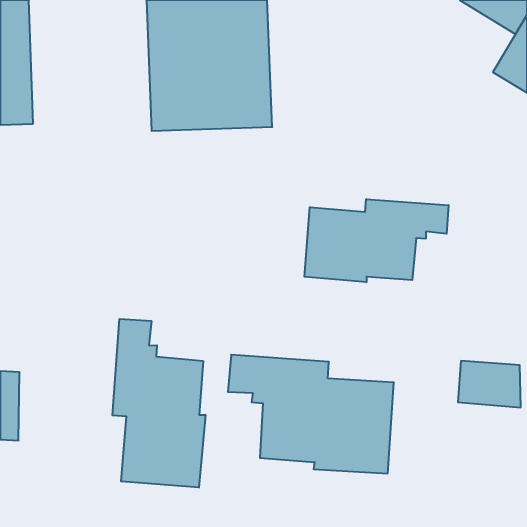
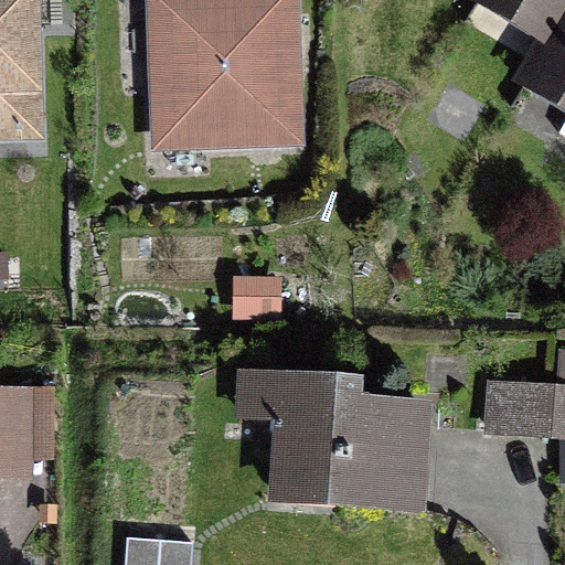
building: [304,199,448,282] -> none
building: [112,319,205,488] -> none

